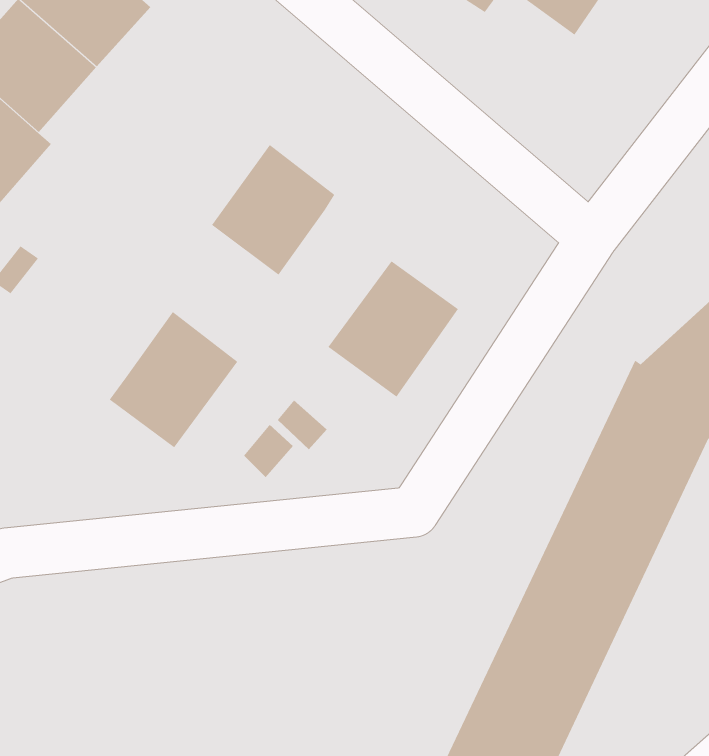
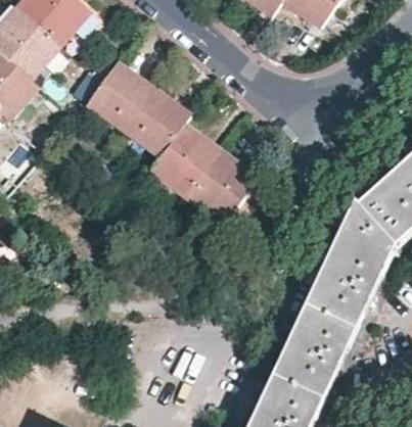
building: none -> [85,59,153,130]
building: [109,311,238,448] -> [149,122,220,196]

